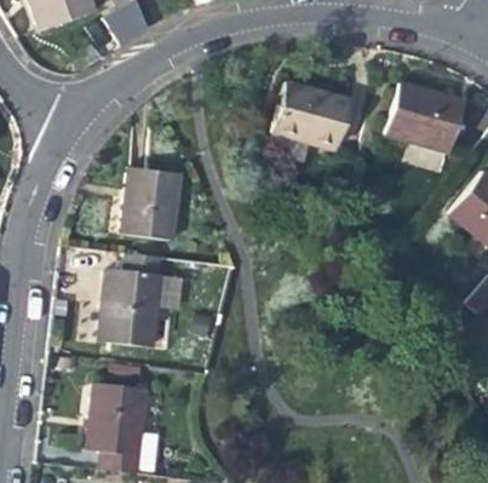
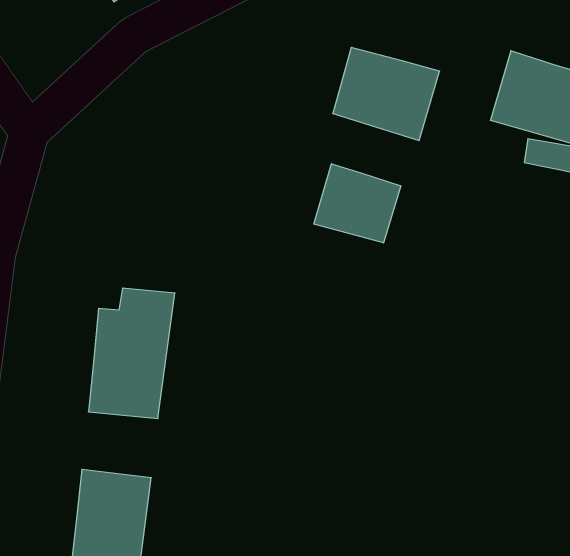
building: none -> [314,164,401,243]
building: [124,165,180,237] -> none

